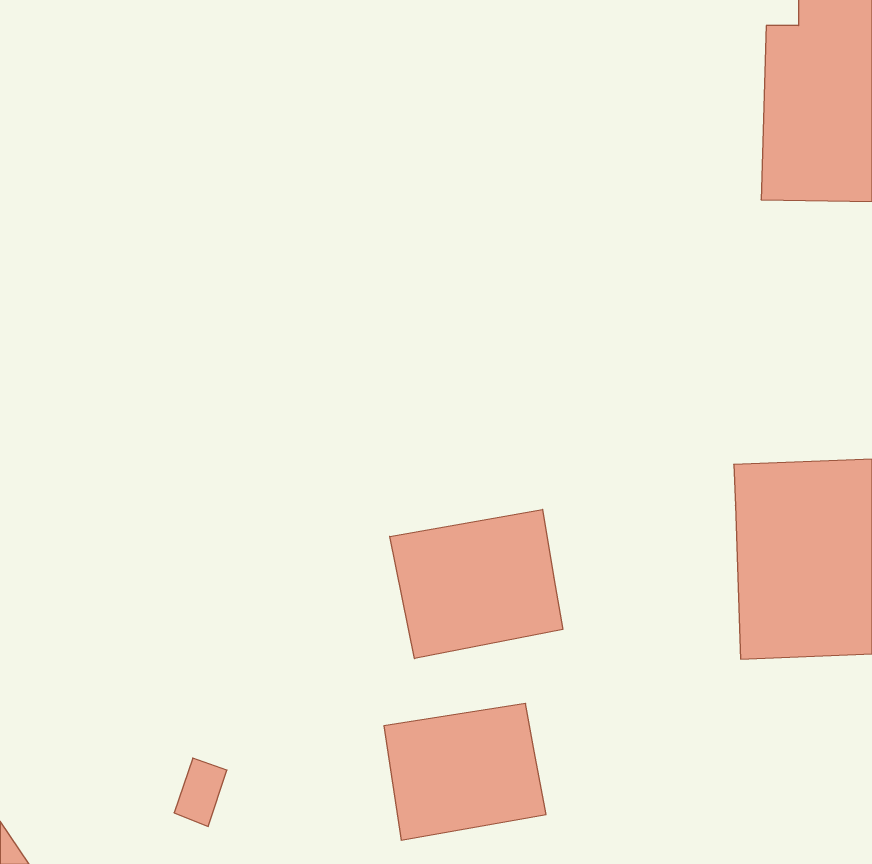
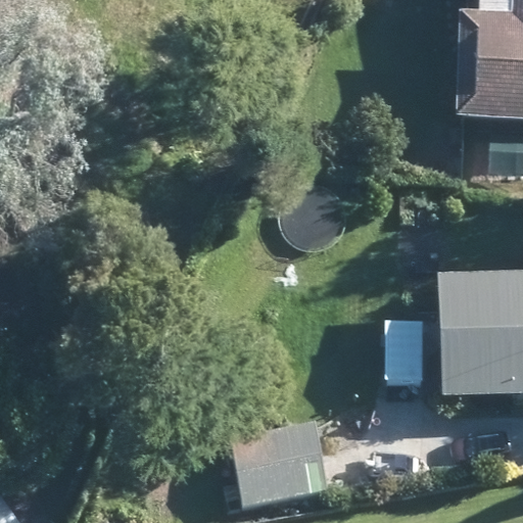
building: [390,509,563,659] -> none

